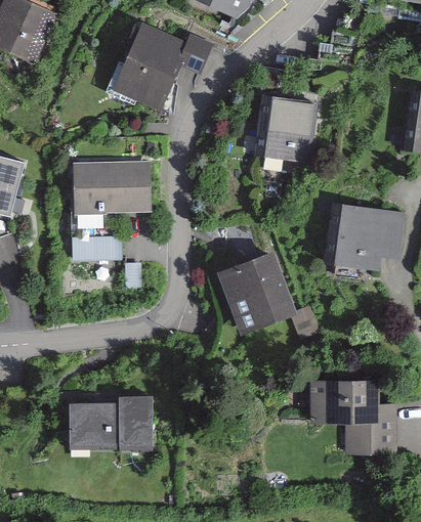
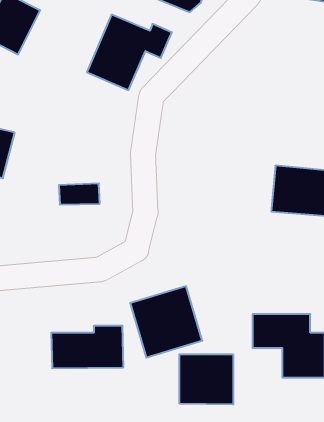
building: [252,96,319,163] -> none
building: [72,161,151,214] -> none
building: [220,253,307,339] -> [130,286,202,358]
building: none -> [179,354,233,405]

